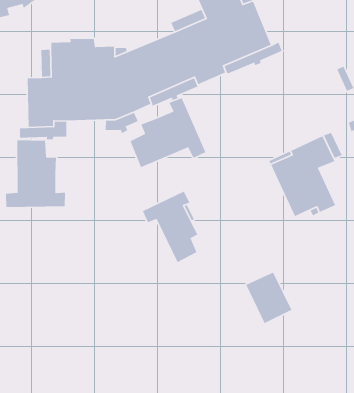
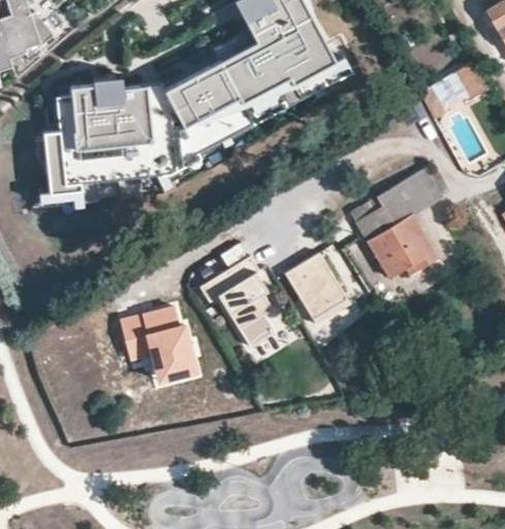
building: [129,97,206,168] -> none
building: [5,140,66,208] -> none
building: none -> [119,304,199,384]
building: [245,271,292,324] -> [286,252,347,318]

